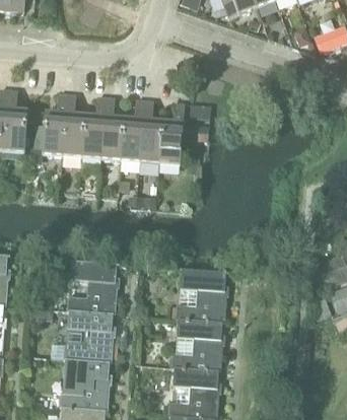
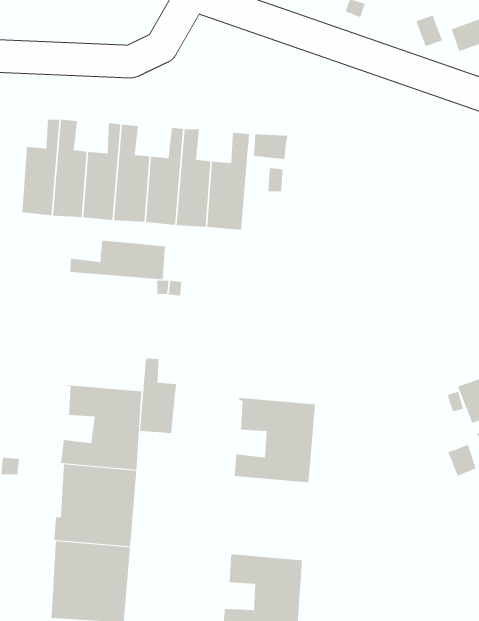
building: none -> [70,240,165,280]
building: none -> [140,358,176,434]
building: [171,320,223,372] -> none

